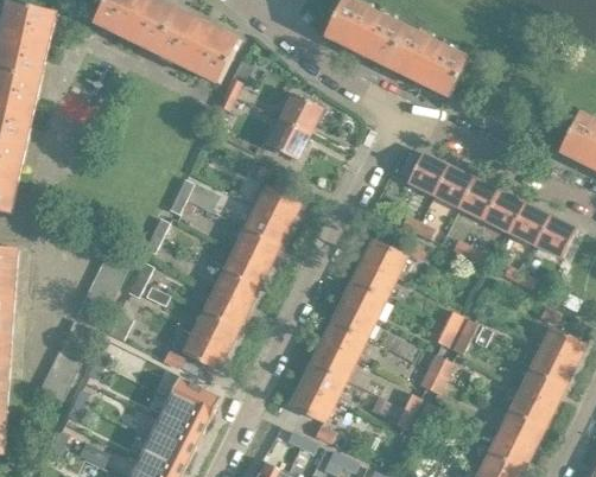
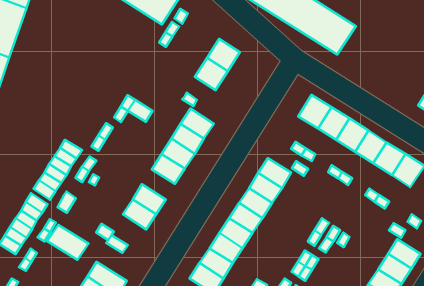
building: [214,271,256,307] -> none
building: [184,332,226,369] -> none
building: [166,375,220,418] -> [47,225,88,260]

